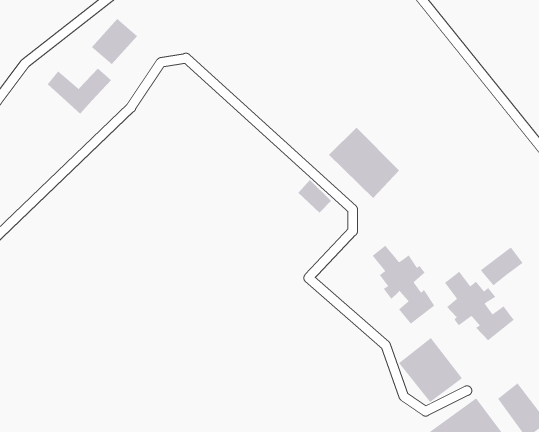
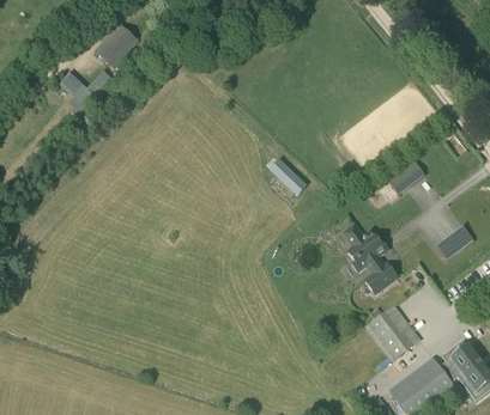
building: [328,127,400,199] -> none
building: none -> [387,160,424,194]
building: [444,271,515,341] -> none

